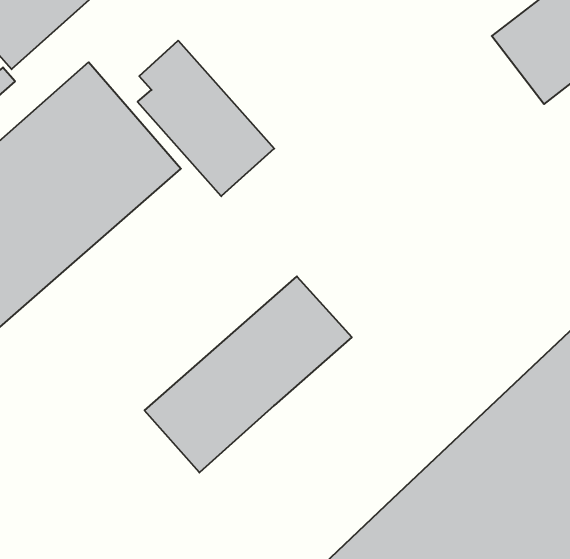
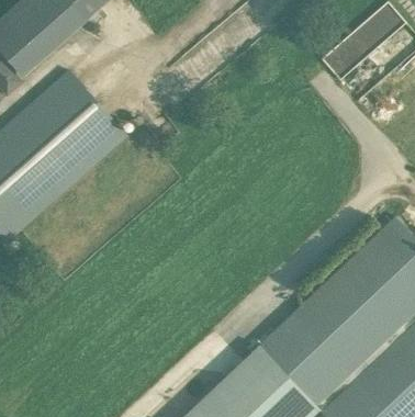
building: [138,41,274,196] -> none
building: [145,276,352,473] -> none

